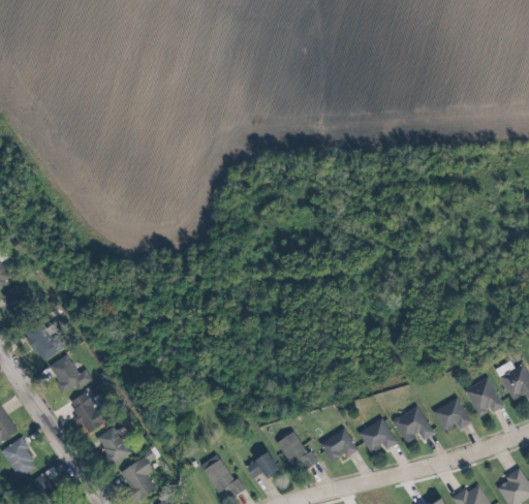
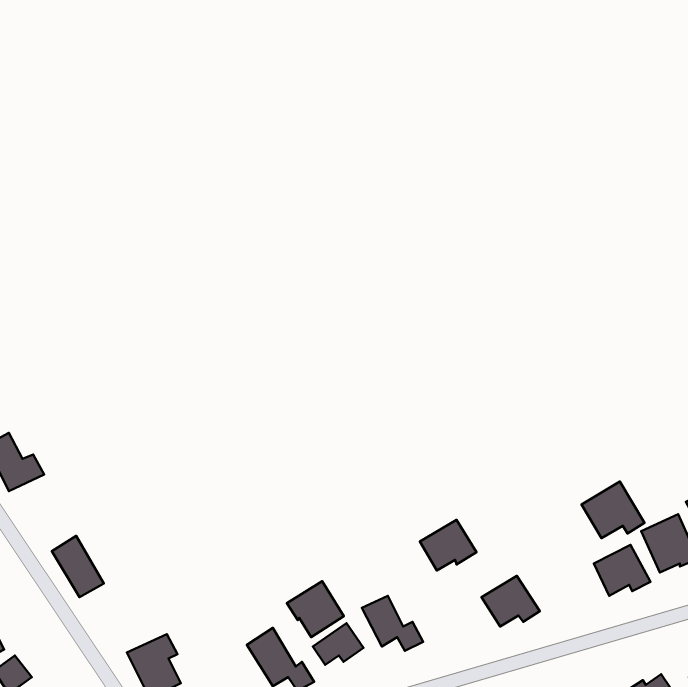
building: [50,354,93,393] -> none
building: [393,405,435,443] -> [582,481,644,538]
building: none -> [287,581,344,637]
building: [97,427,130,464] -> none
building: [320,429,359,463] -> [420,520,477,571]

